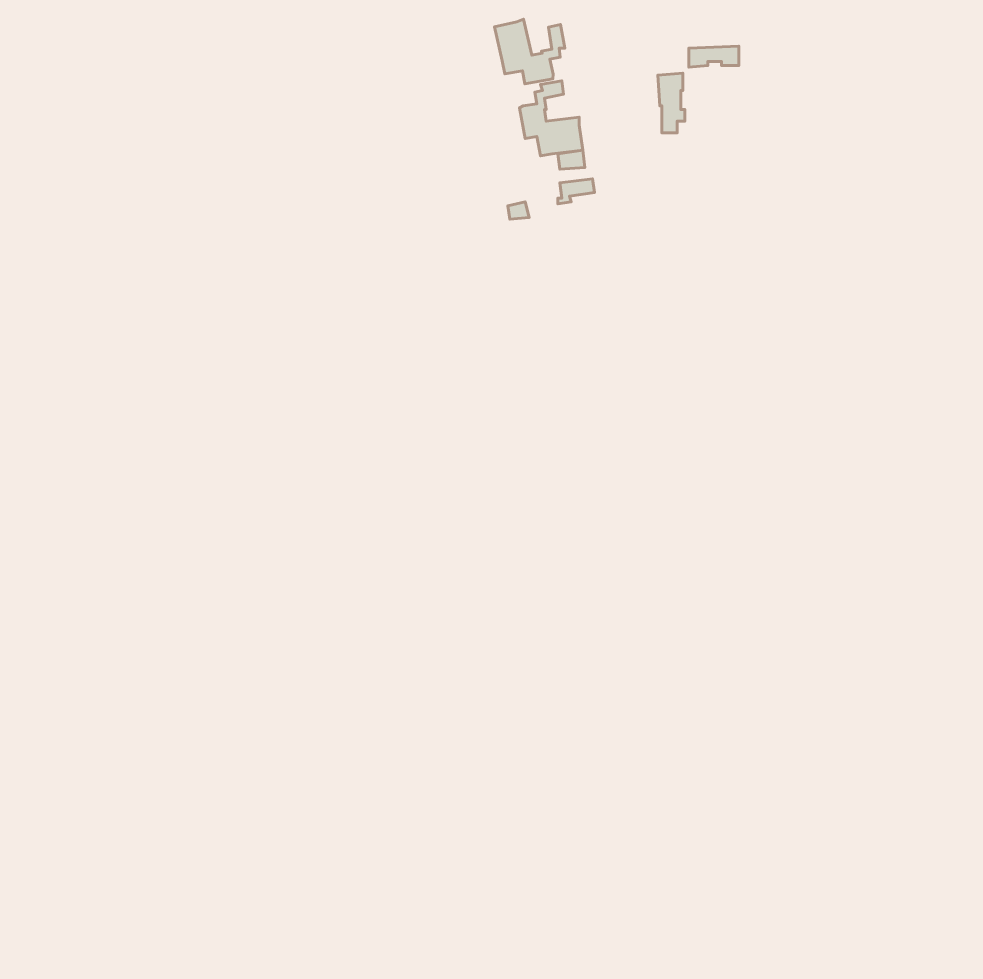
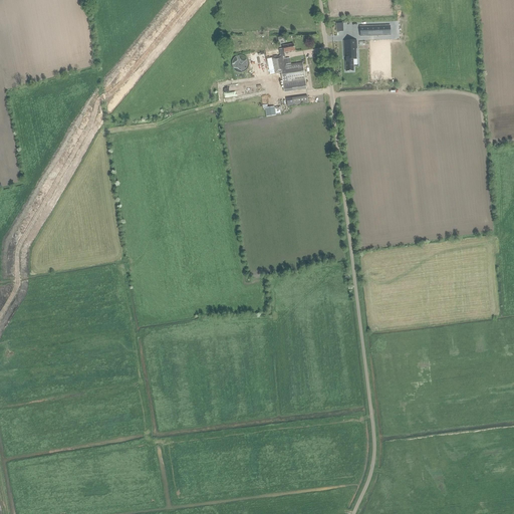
building: [495,19,565,84] -> none

